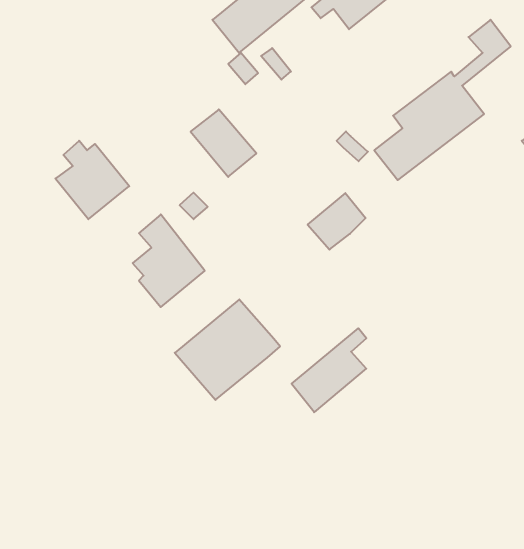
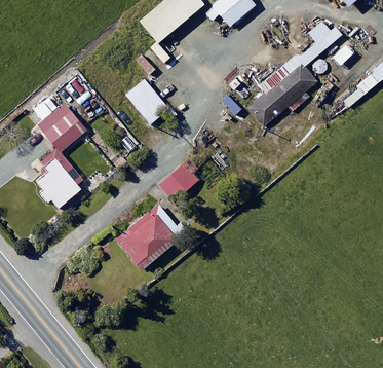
building: [308,193,366,250] -> [158,163,196,200]
building: [133,214,205,307] -> [37,149,84,210]
building: [292,328,366,412] -> none

